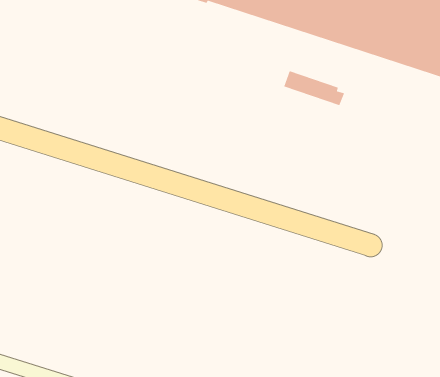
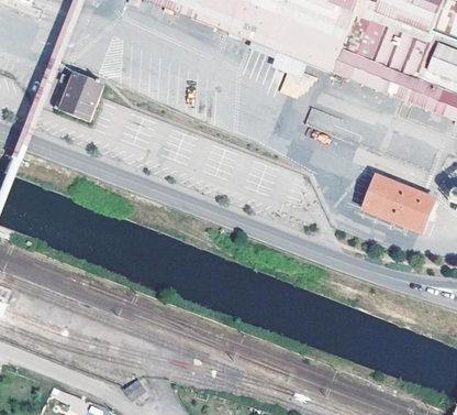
building: none -> [55,66,104,119]
building: none -> [364,175,435,231]

